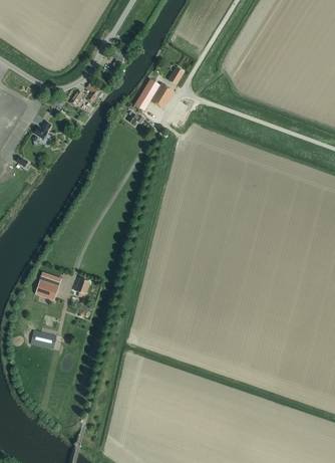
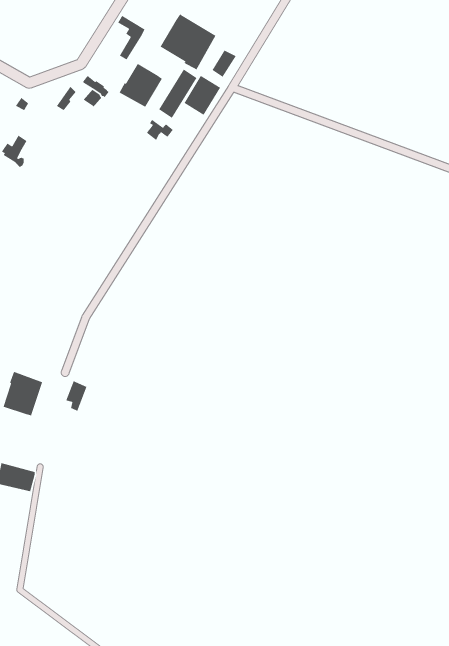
building: none -> [159,13,217,71]
building: none -> [118,63,163,108]

